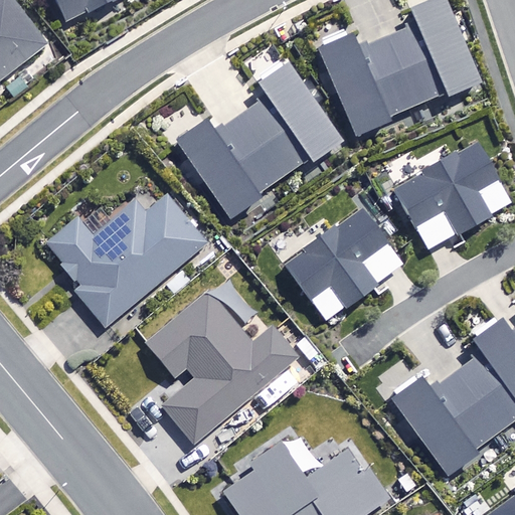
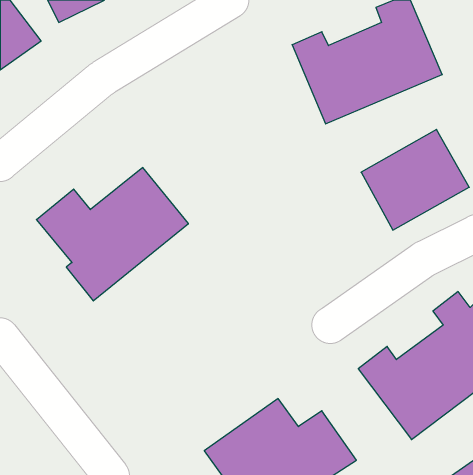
building: [177,44,345,217] -> none
building: [285,207,404,321] -> none
building: [144,274,294,444] -> none

